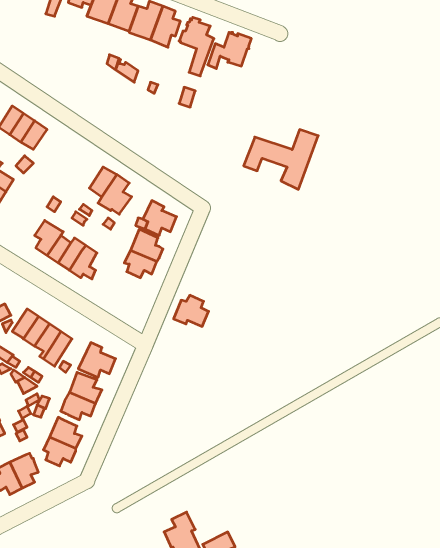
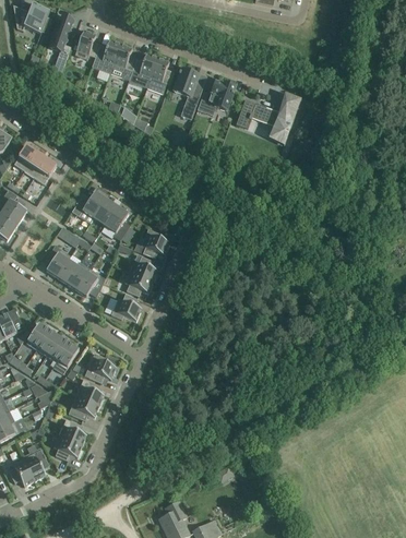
building: [244,130,318,189] -> [236,93,301,145]
building: none -> [72,191,106,217]
building: [174,295,209,326] -> [111,294,142,321]

